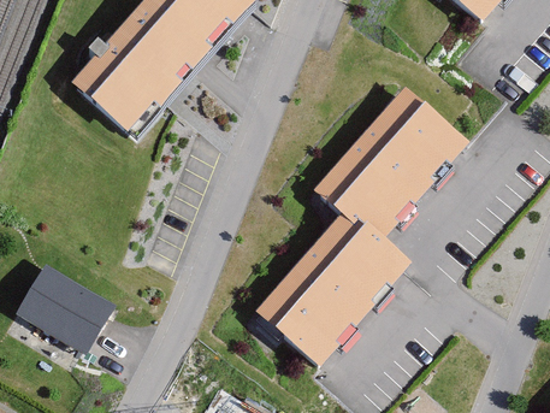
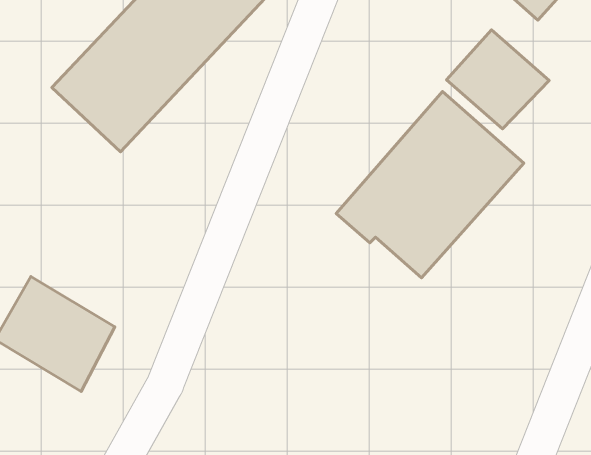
building: none -> [447,30,549,129]
building: [255,214,409,373] -> none

